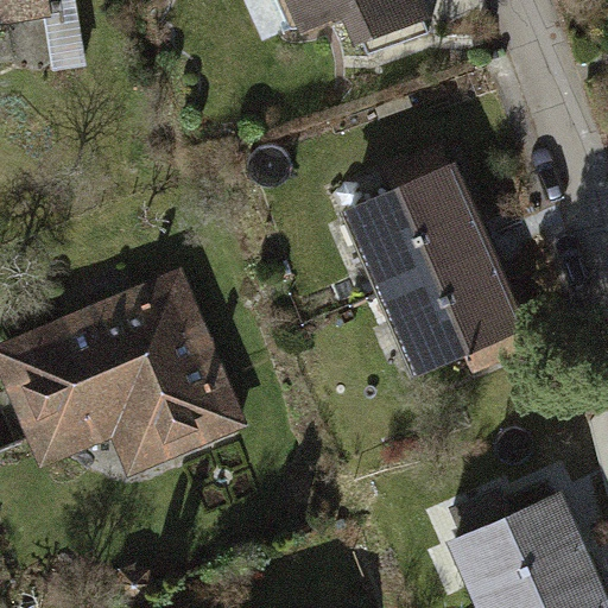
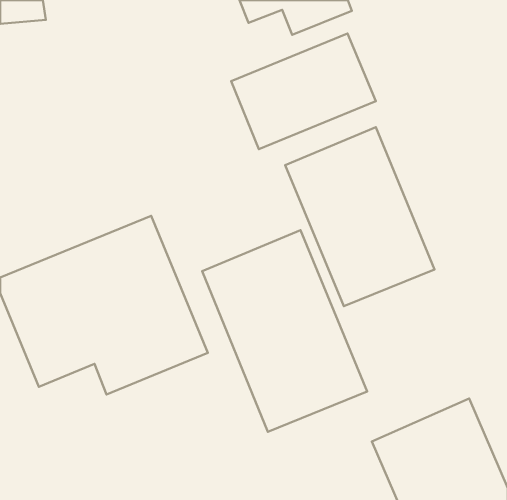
building: none -> [231,33,376,149]
building: none -> [202,230,367,432]

